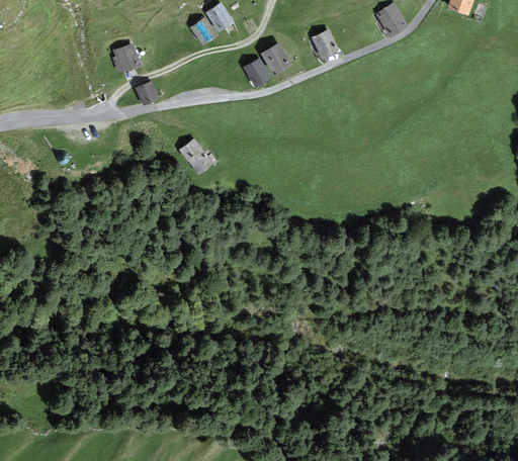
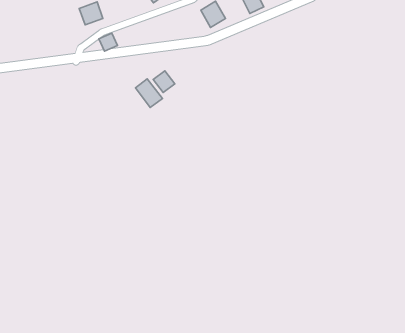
building: [244,58,271,86] -> none
building: none -> [153,71,175,93]

